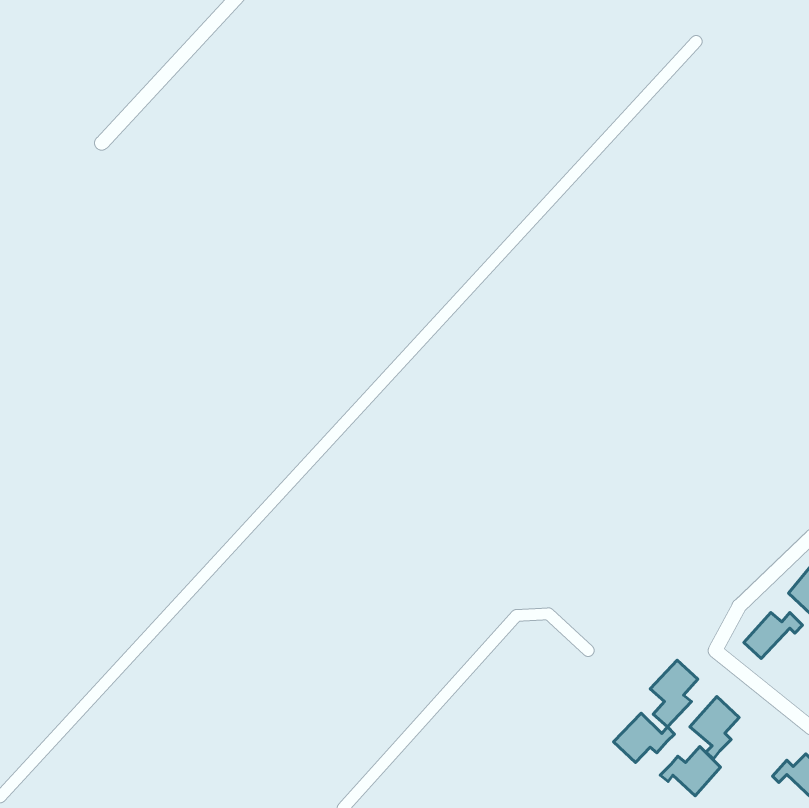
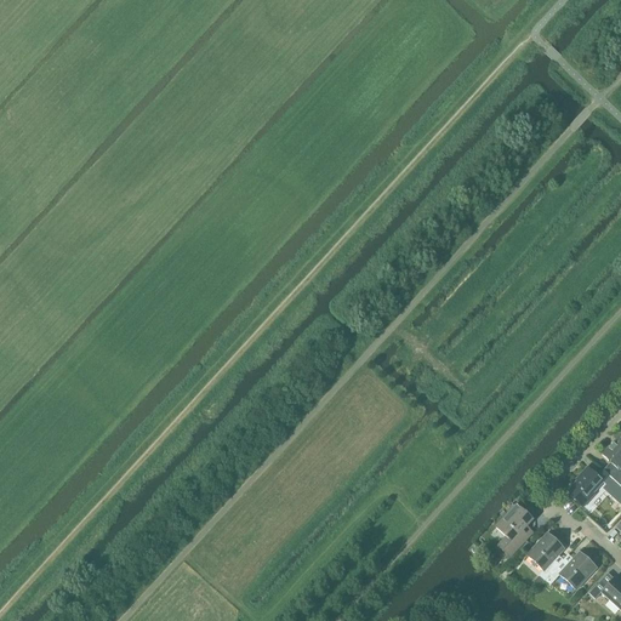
building: [614,713,674,762] -> none
building: [660,747,721,796] -> [552,551,598,588]

